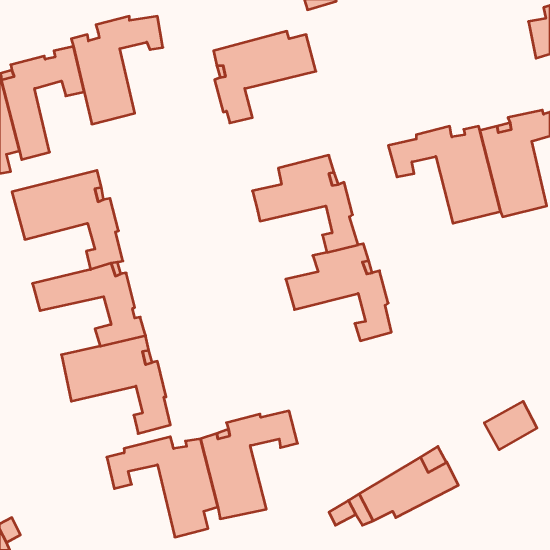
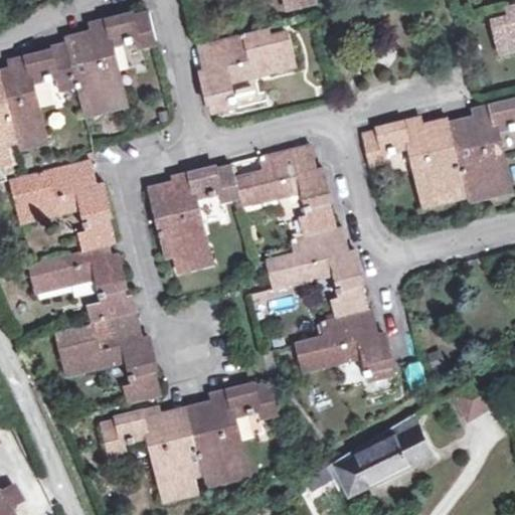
building: none -> [146,164,240,271]
building: none -> [298,310,391,380]

